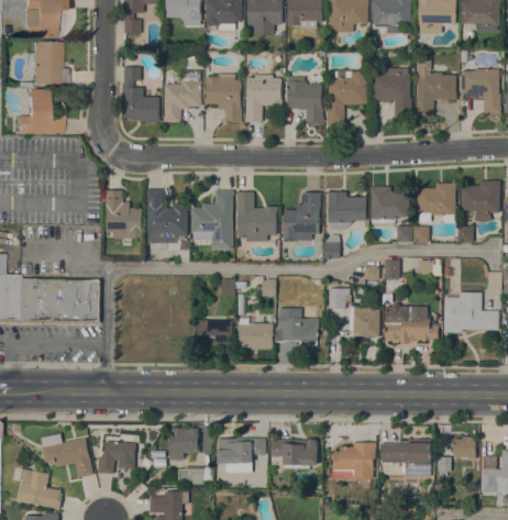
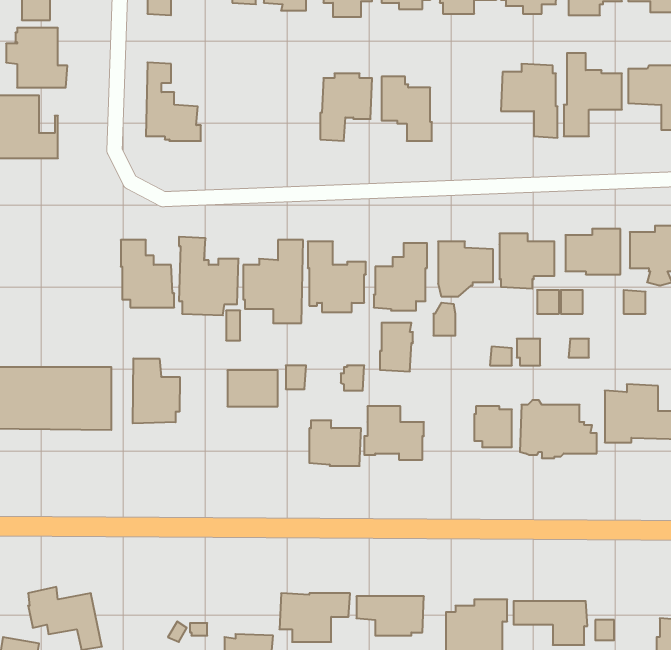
building: [165,69,201,111] -> none
building: [327,69,367,122] -> none
building: [206,73,241,122] -> none
building: none -> [133,358,180,423]
building: [328,288,351,322] -> [380,323,413,371]
building: [197,320,232,345] -> [227,370,278,406]
building: [167,428,199,460] -> none
building: [98,434,135,473] -> none
building: [453,435,476,458] -> none

